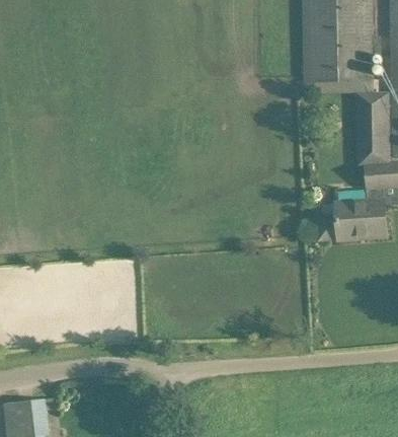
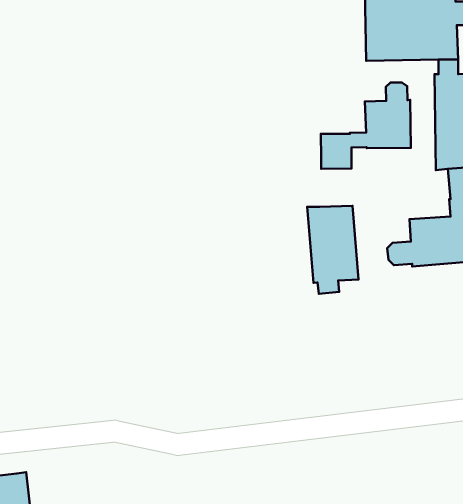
building: none -> [321,83,411,169]
building: none -> [307,206,359,294]

